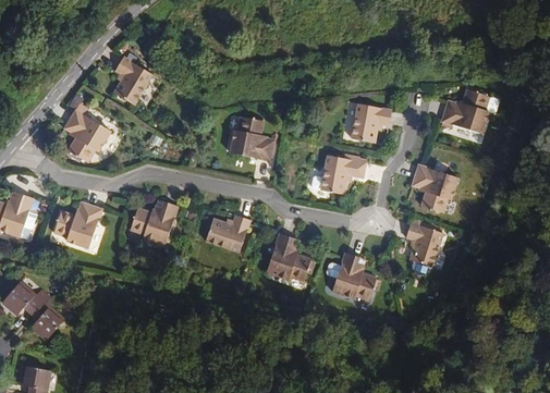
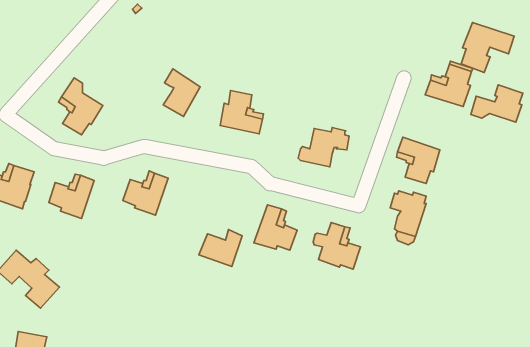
building: none -> [461,22,514,73]
building: [113,56,151,105] -> [163,69,200,116]
building: [351,103,391,143] -> none
building: none -> [471,85,523,122]
building: [205,214,249,253] -> [199,230,242,267]

